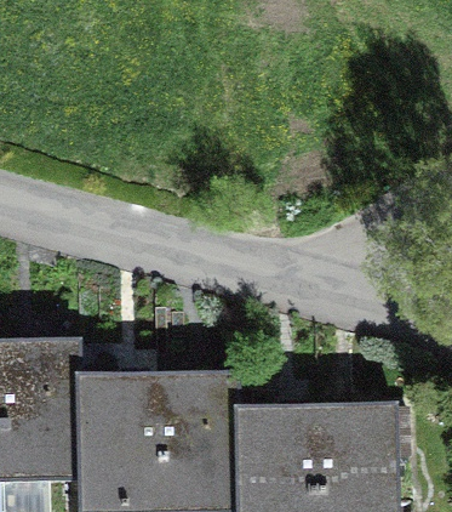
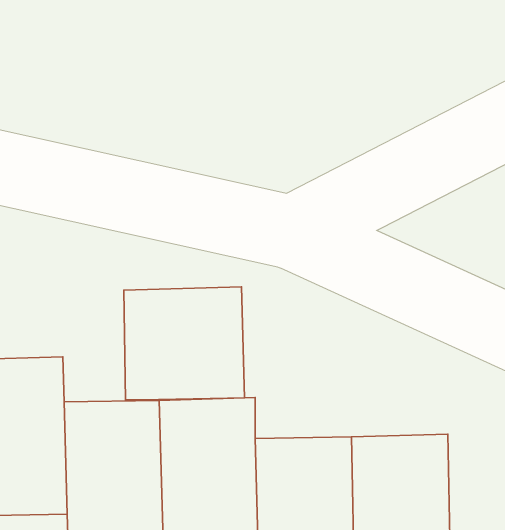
building: none -> [124,287,244,400]

